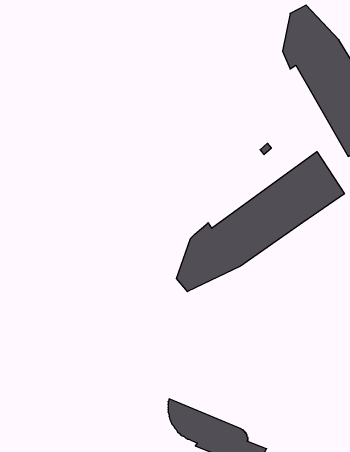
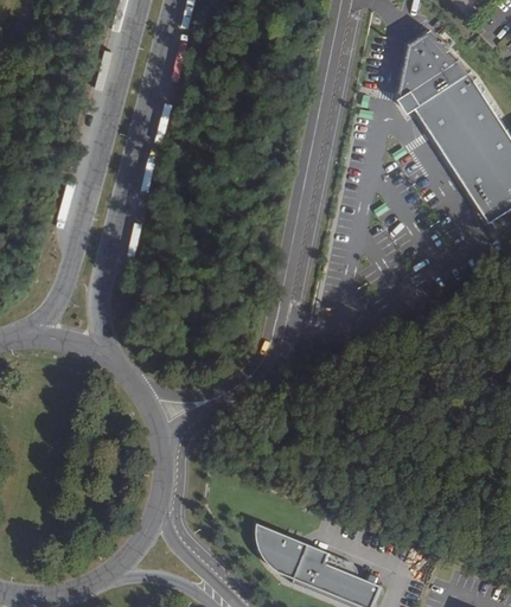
building: [176,152,344,292] -> none

